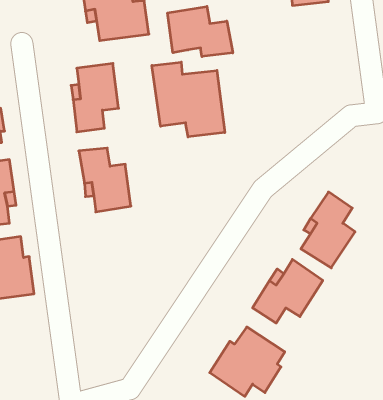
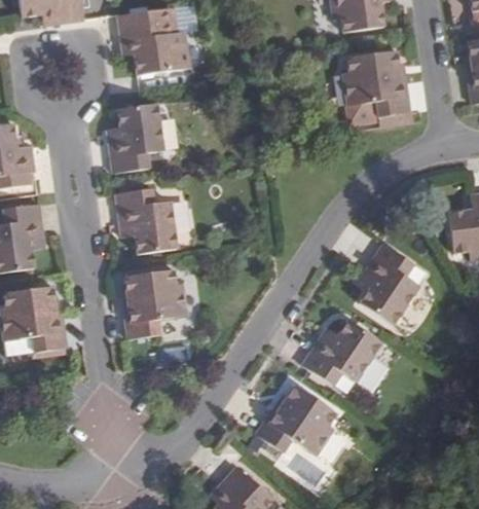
building: [168,6,233,57] -> none
building: none -> [343,50,412,130]
building: [152,62,225,137] -> none
building: none -> [120,268,185,340]

